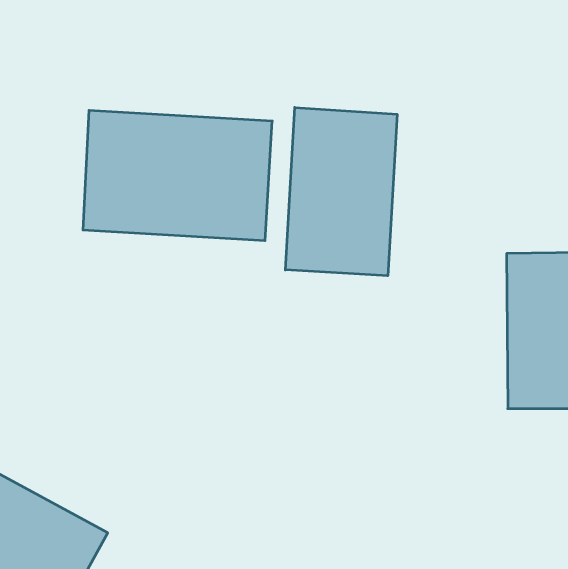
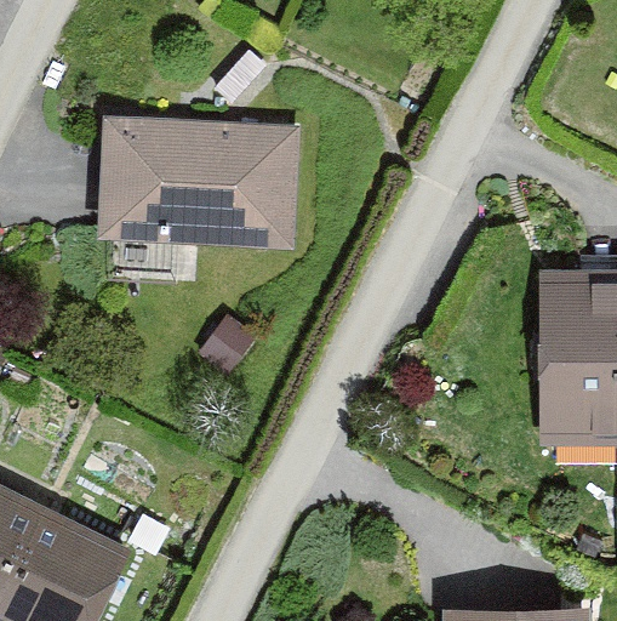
building: [285,107,397,276] -> none

